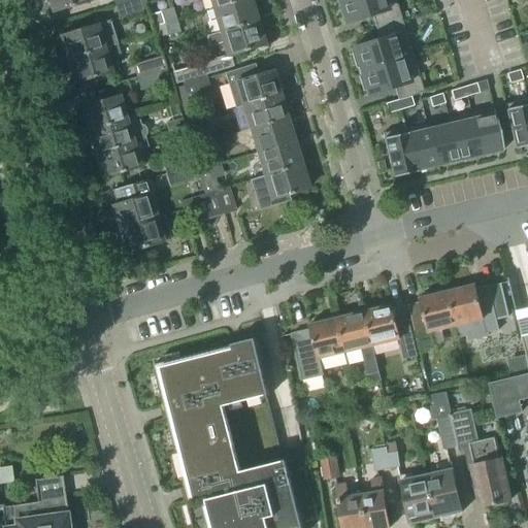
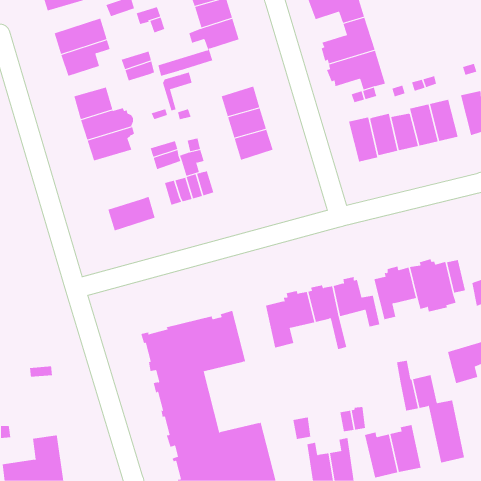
building: [226,64,278,107] -> none
building: [251,164,307,209] -> none
building: [111,178,155,229] -> none

